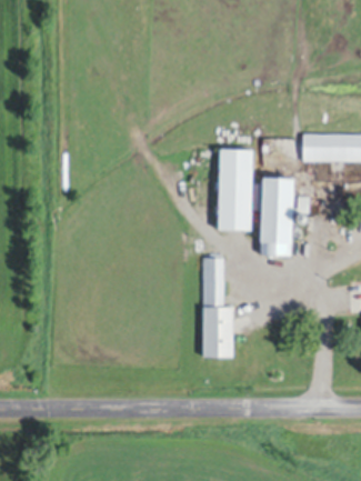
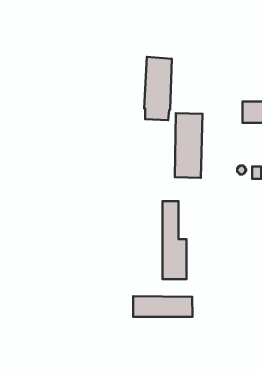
building: [260,177,294,255] -> [144,57,172,120]
building: none -> [133,296,192,317]

